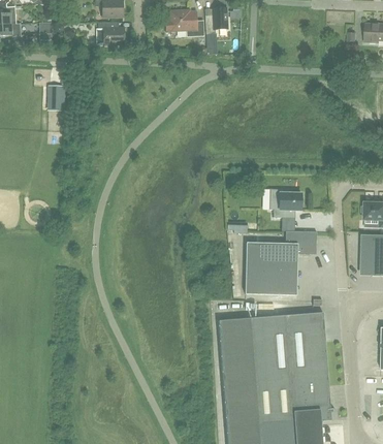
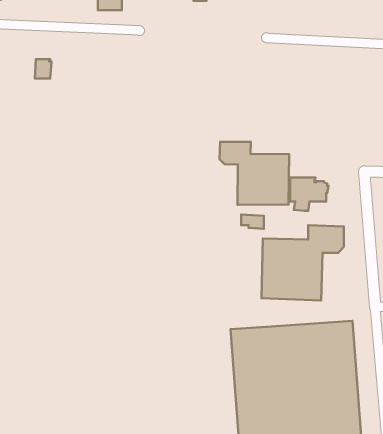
building: none -> [220,142,289,205]

